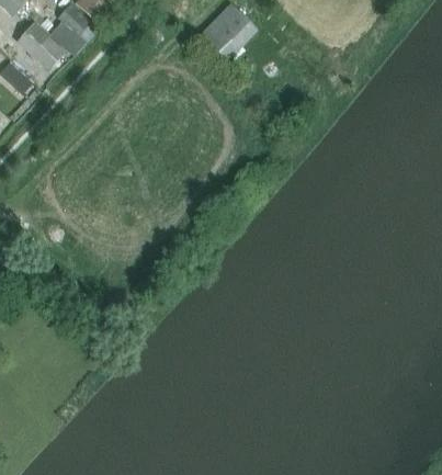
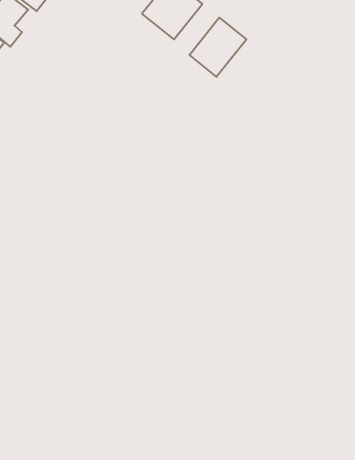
building: none -> [189,18,246,77]

